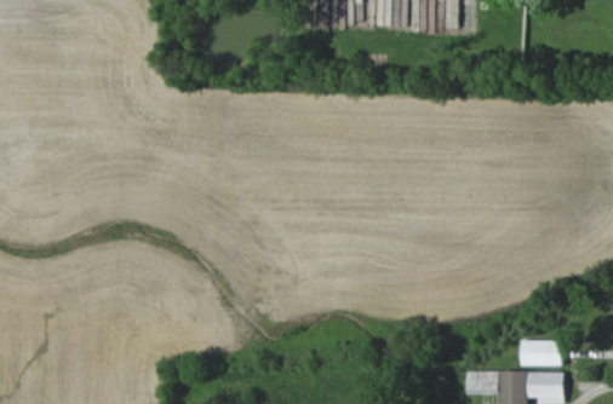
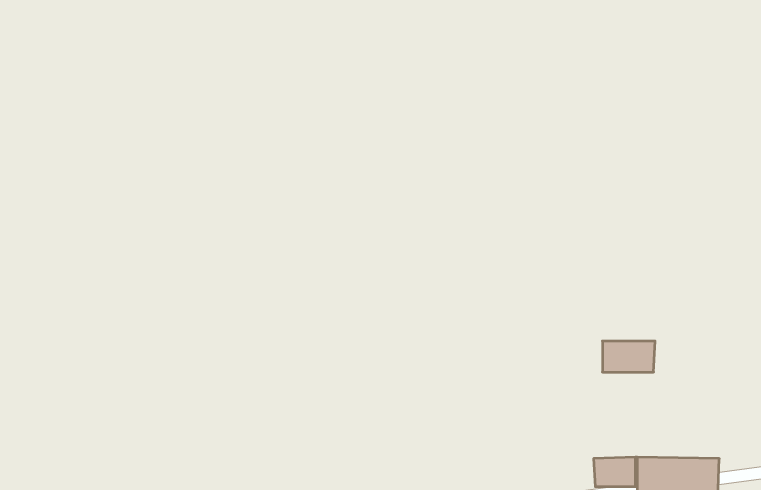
building: [520,340,561,364] -> [602,341,655,372]

